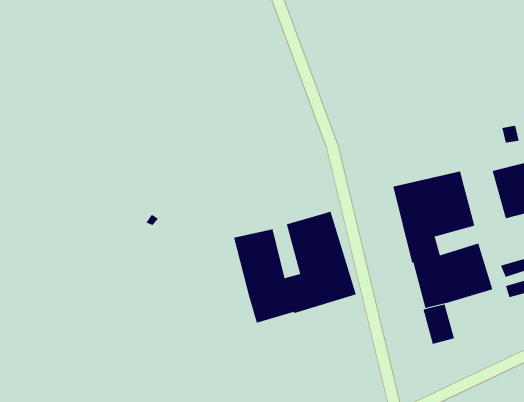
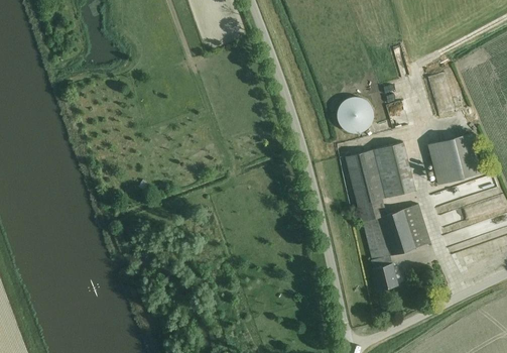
building: none -> [337,98,373,134]
building: [233,211,356,323] -> none

